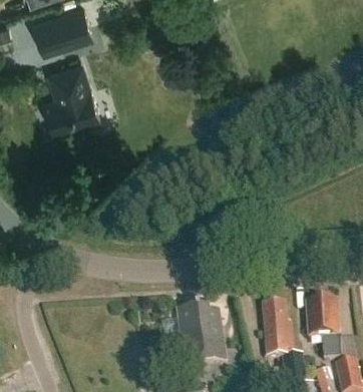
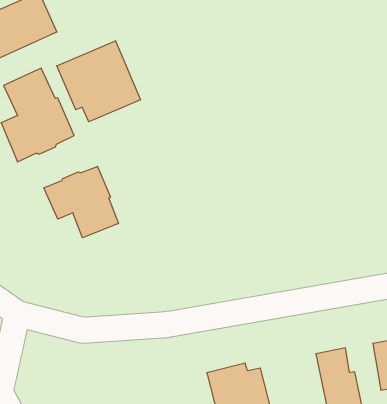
building: none -> [57,41,140,122]
building: none -> [44,166,118,238]

